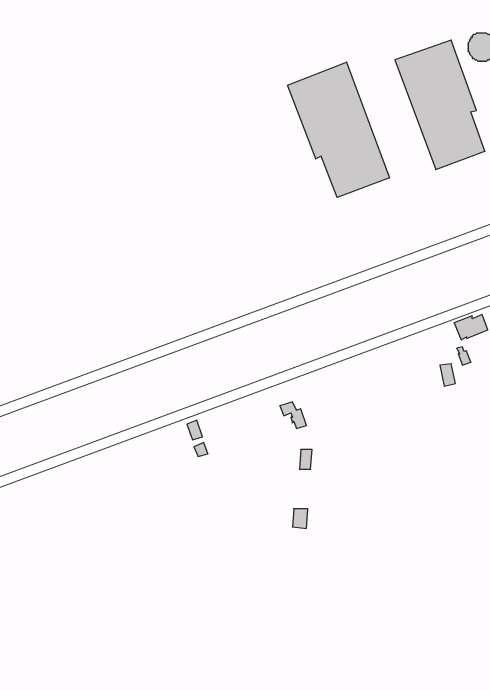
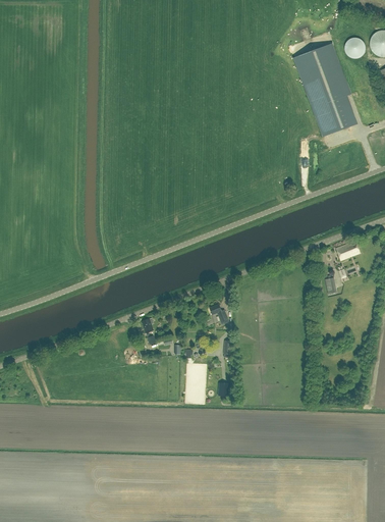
building: [288,62,390,197] -> none

